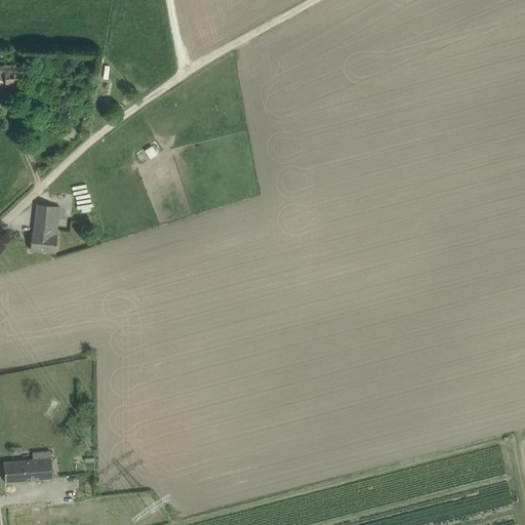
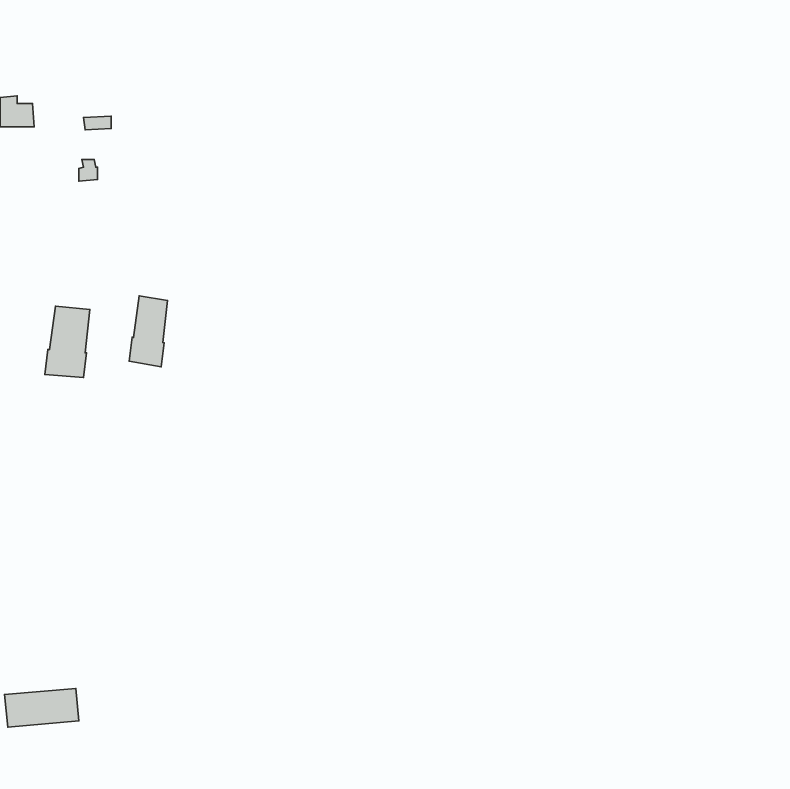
building: none -> [129,296,167,367]

